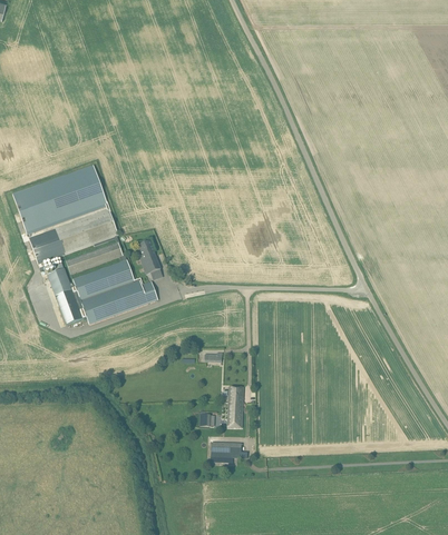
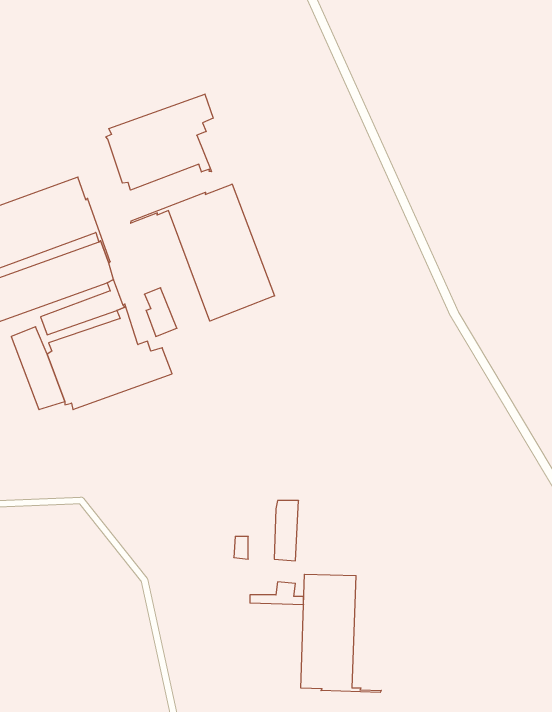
building: none -> [106,94,213,190]
building: none -> [131,184,275,321]
building: none -> [301,574,381,692]

